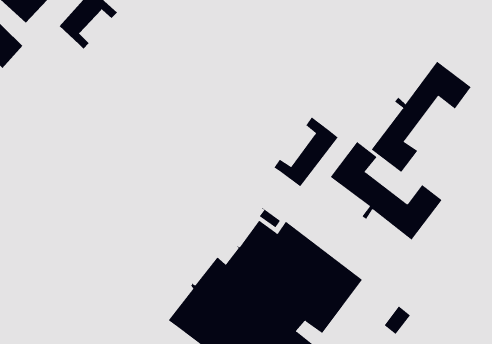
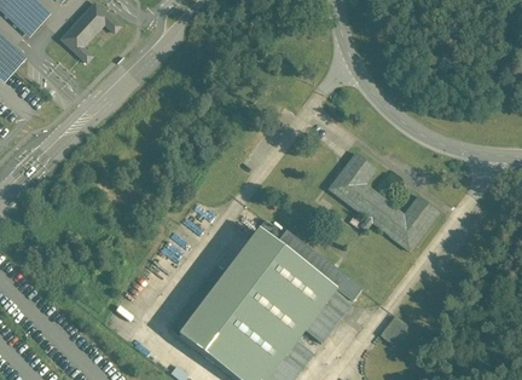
building: [371,61,472,173] -> none
building: [274,117,338,187] -> none

